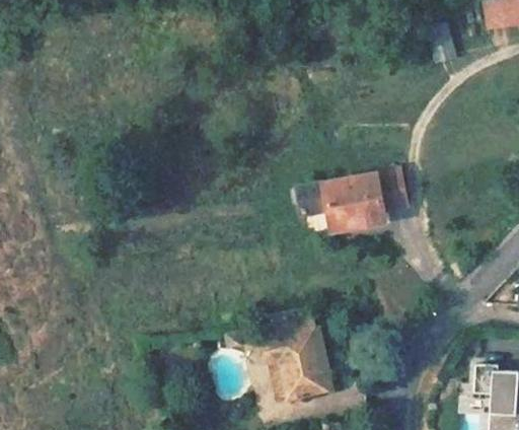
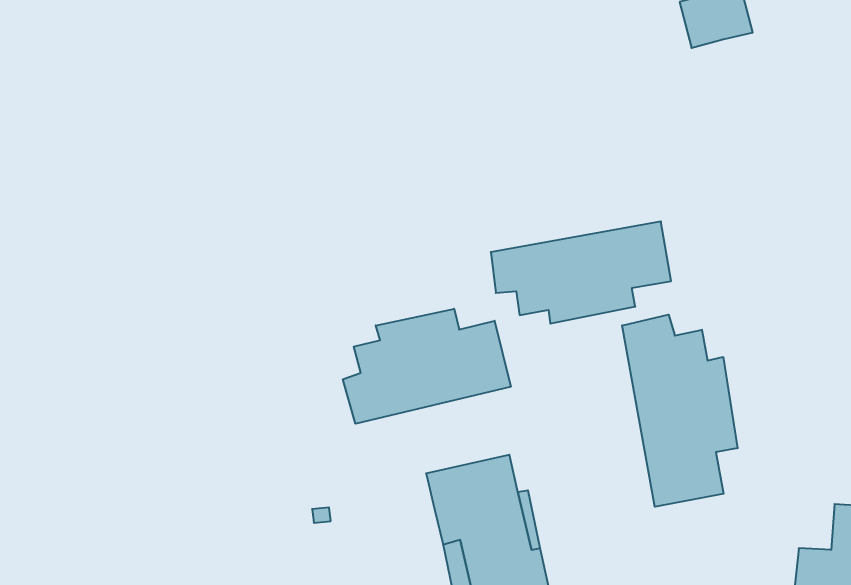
building: none -> [343,309,511,424]
building: none -> [622,315,738,507]

